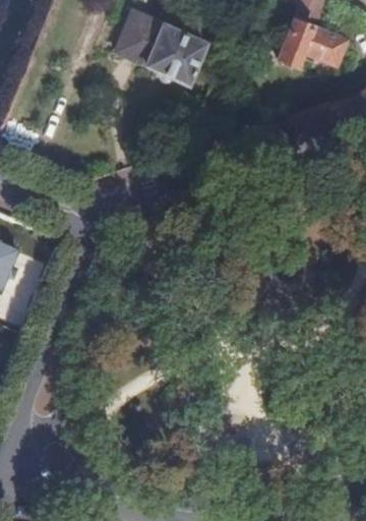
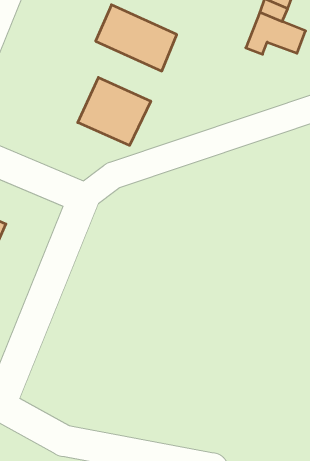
building: none -> [78,77,151,145]

